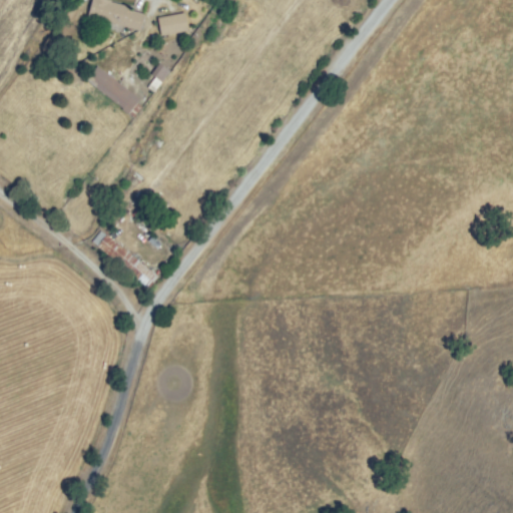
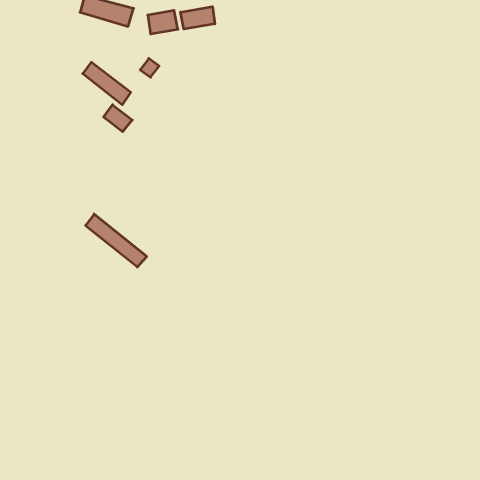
building: none -> [181,7,215,29]
building: none -> [104,105,132,132]

